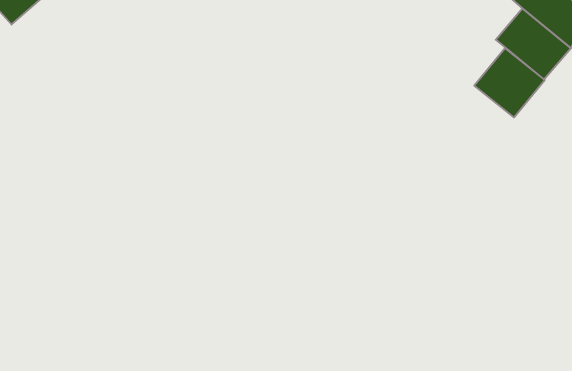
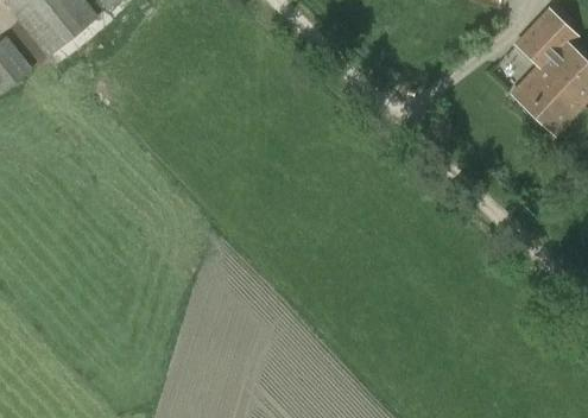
building: [474,48,545,117] -> none

